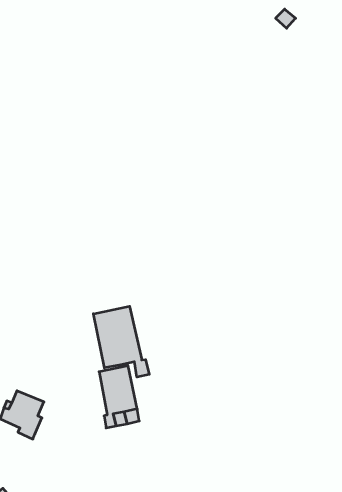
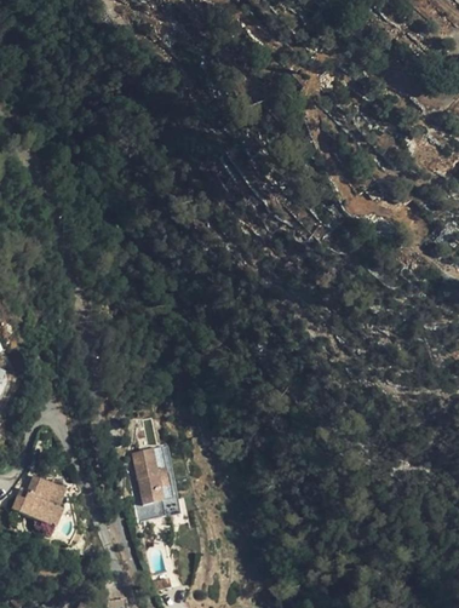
building: [93,306,149,377] -> none

